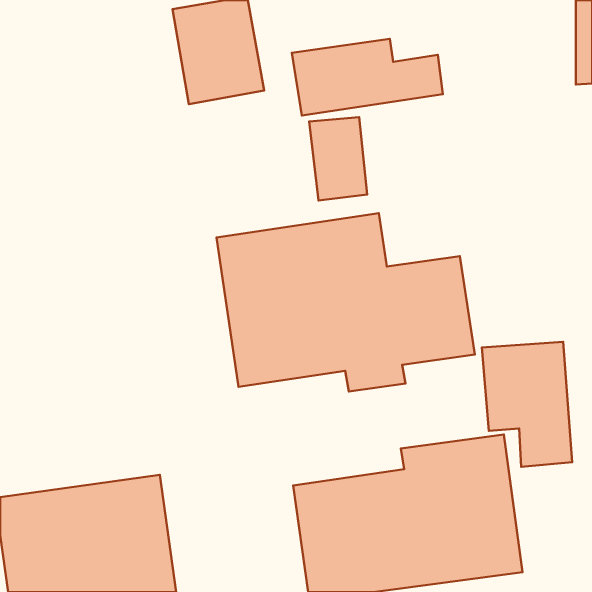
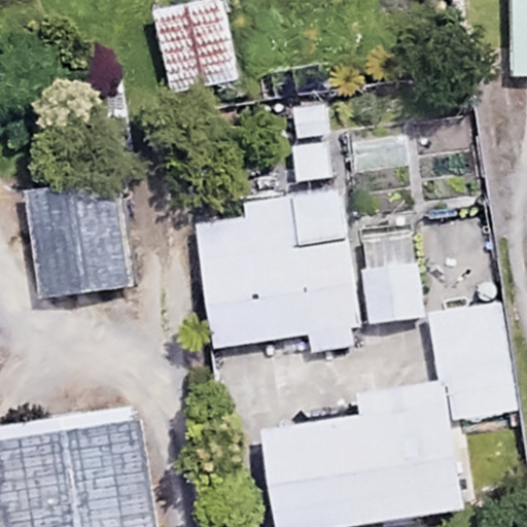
building: [292,39,443,115] -> none
building: none -> [31,184,132,296]

